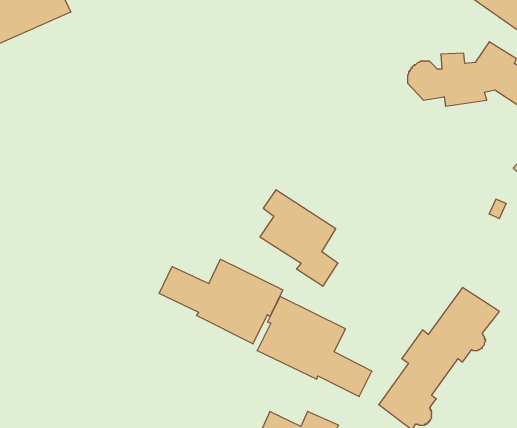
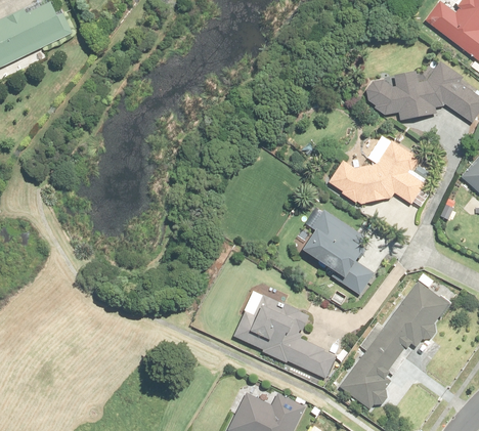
building: none -> [329,135,426,205]
building: [260,190,338,286] -> [303,208,373,294]
building: [159,259,283,344] -> none

